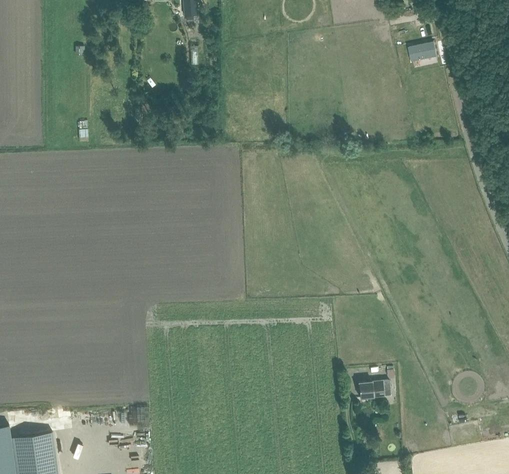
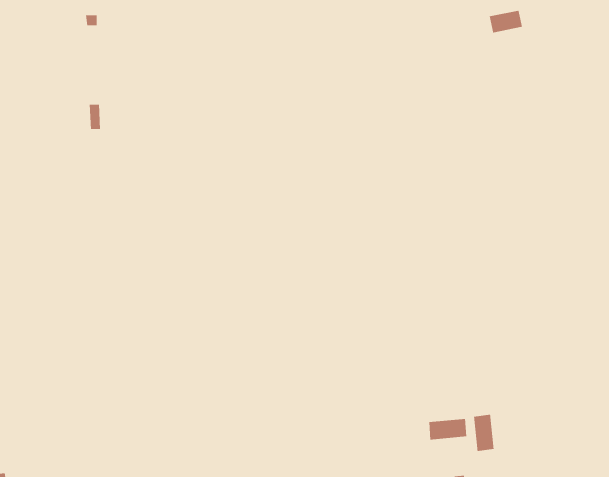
building: none -> [474,414,494,452]

